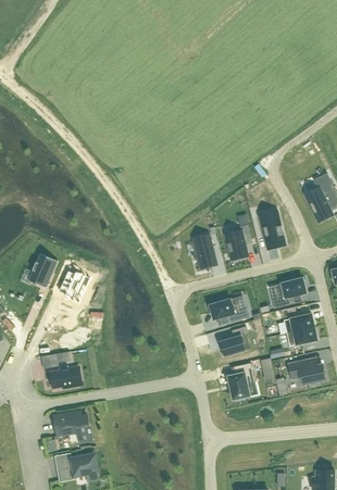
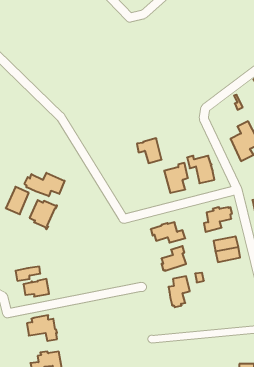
building: none -> [25,173,65,196]
building: [186,238,216,268] -> [137,138,162,163]
building: [288,357,325,385] -> none

